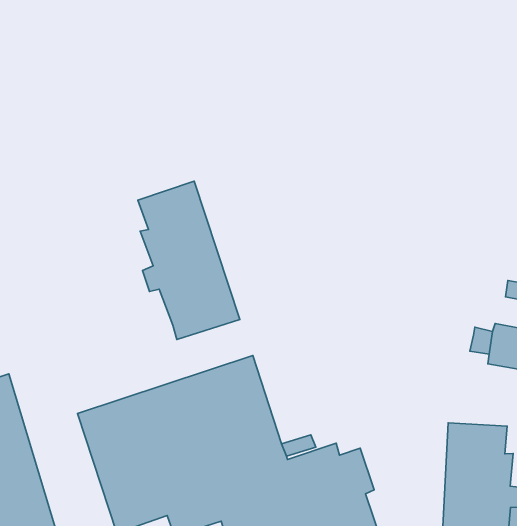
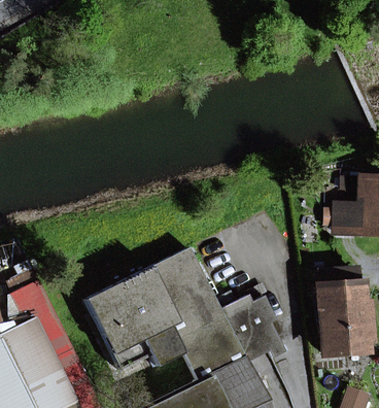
building: [138,181,240,340] -> none

